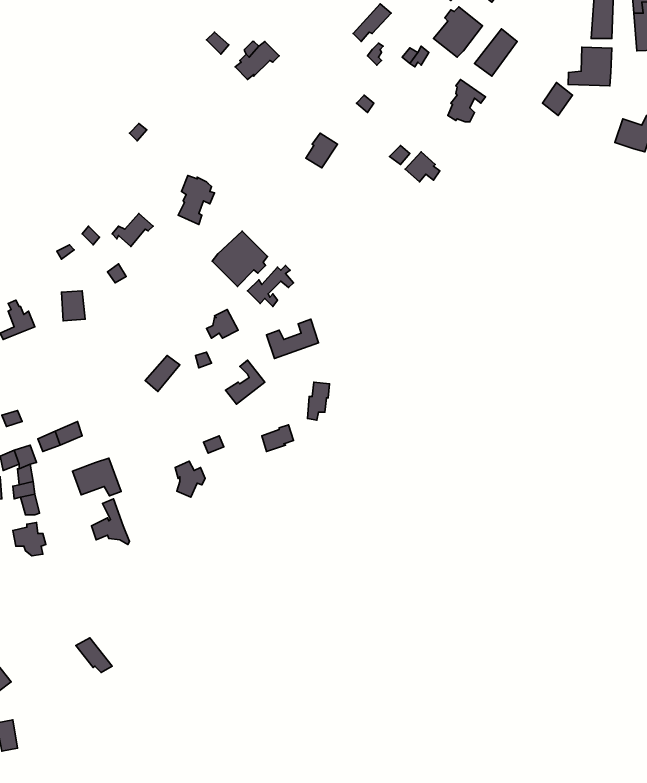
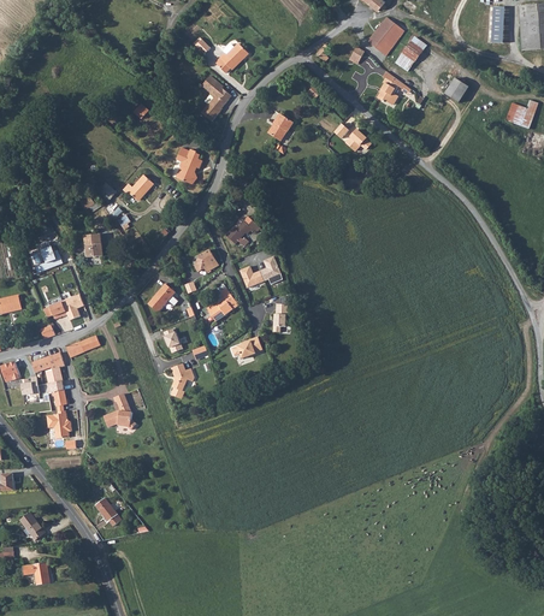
building: [568,47,612,86] -> none
building: none -> [202,75,232,122]
building: [212,231,267,287] -> none
building: none -> [45,292,84,319]
building: [72,458,121,496] -> none

